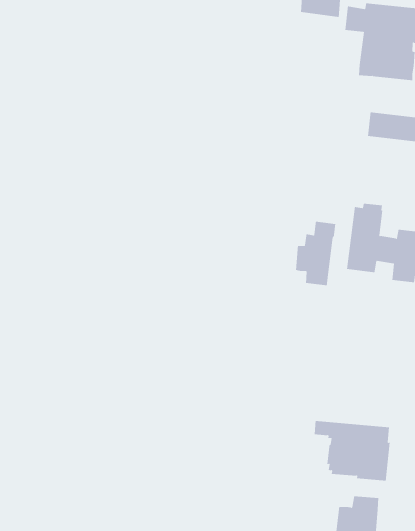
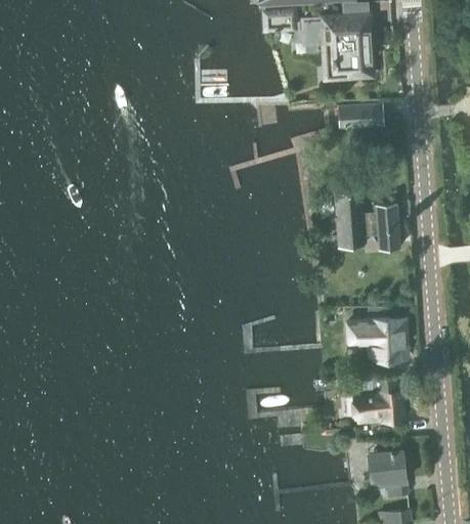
building: [295,221,336,286] -> none
building: none -> [349,318,408,358]

